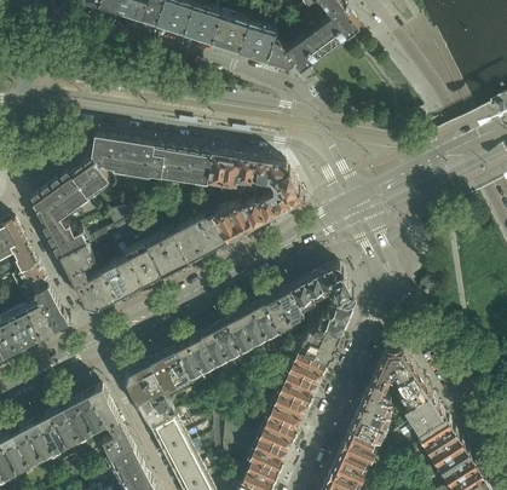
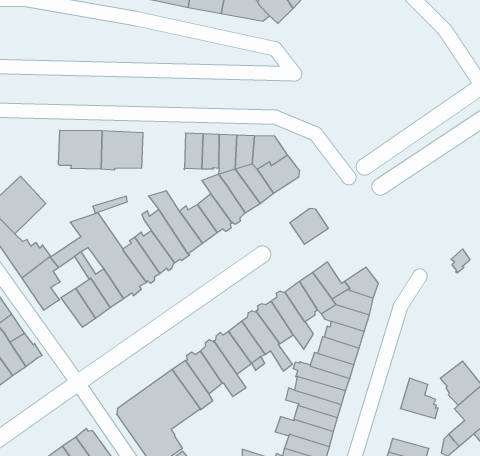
building: [71,137,110,198] -> none
building: [173,150,213,185] -> none
building: [317,267,348,296] -> [290,209,328,244]
building: [76,278,106,312] -> none
building: [373,351,419,390] -> none
building: [352,407,391,443] -> none

